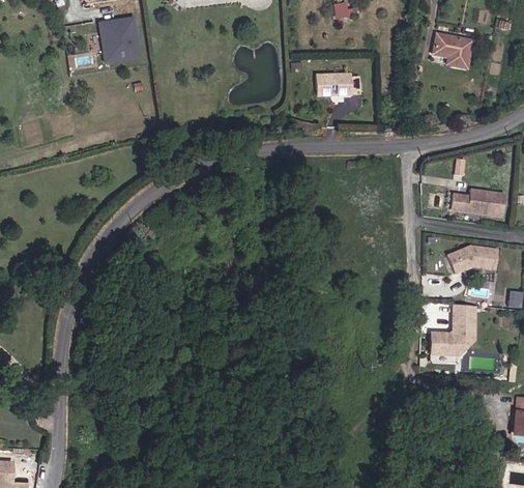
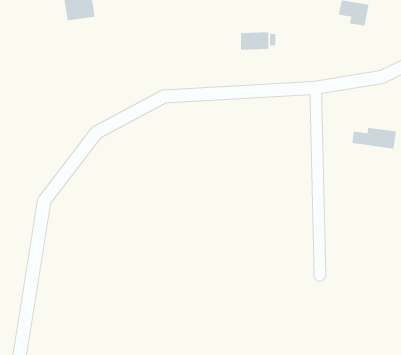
building: [447,246,497,274] -> none
building: [431,305,474,354] -> none

